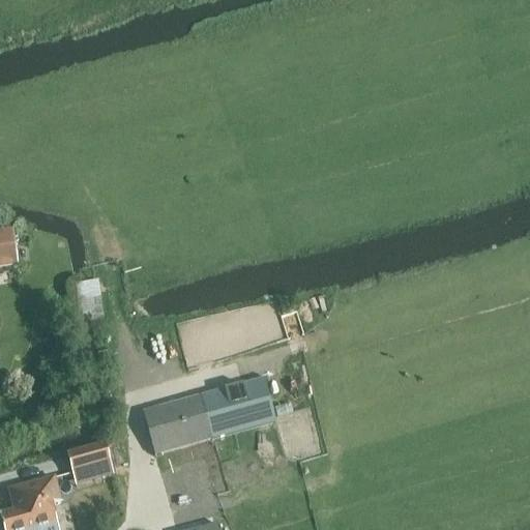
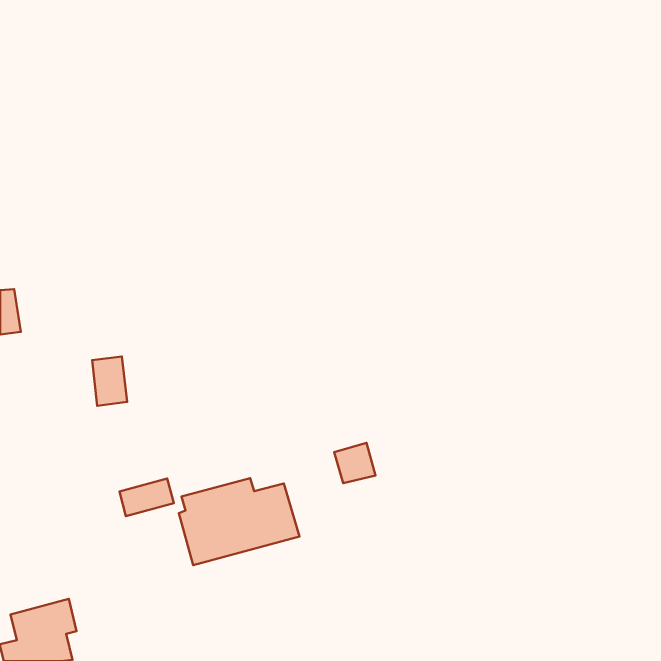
building: [232,387,265,419] -> [334,443,376,483]
building: [68,445,112,475] -> [119,479,174,516]

